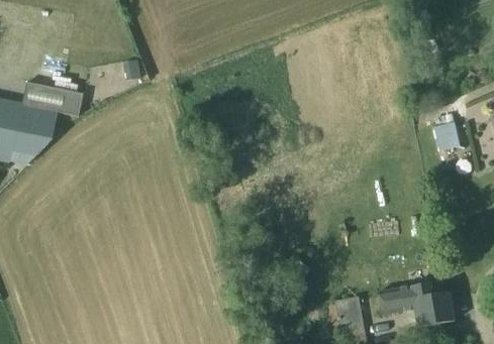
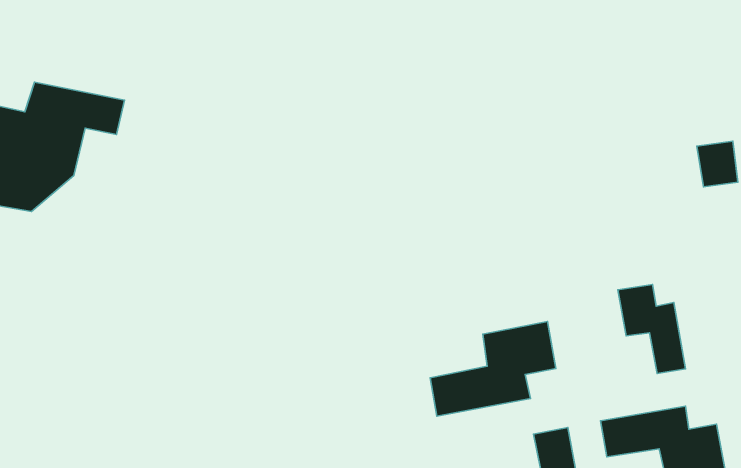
building: none -> [618,284,685,374]
building: none -> [430,322,556,416]

